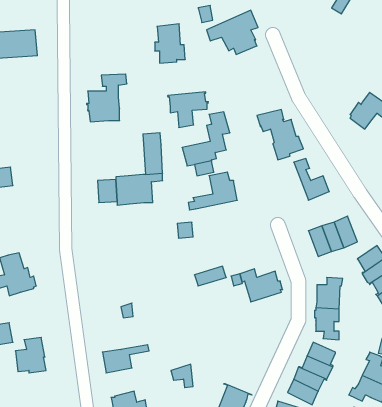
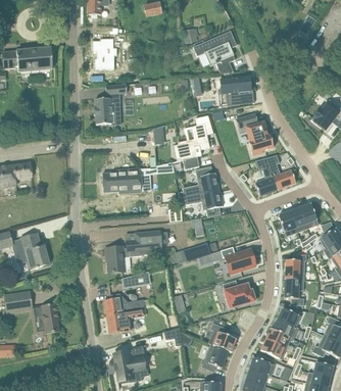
building: [155,24,185,63] -> [92,36,117,68]
building: [168,92,208,127] -> [218,76,252,105]
building: none -> [254,157,278,195]
building: none -> [184,189,222,216]
building: none -> [107,230,168,272]
building: none -> [222,280,256,307]
building: none -> [104,293,148,315]
building: none -> [208,323,236,351]

